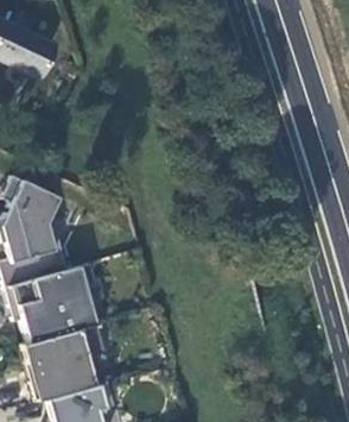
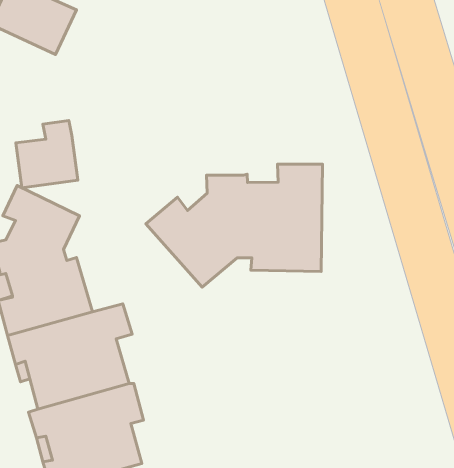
building: none -> [16,121,78,188]
building: none -> [146,164,322,287]

